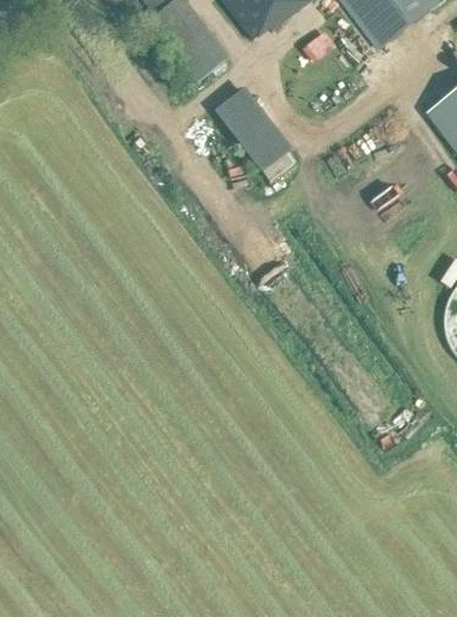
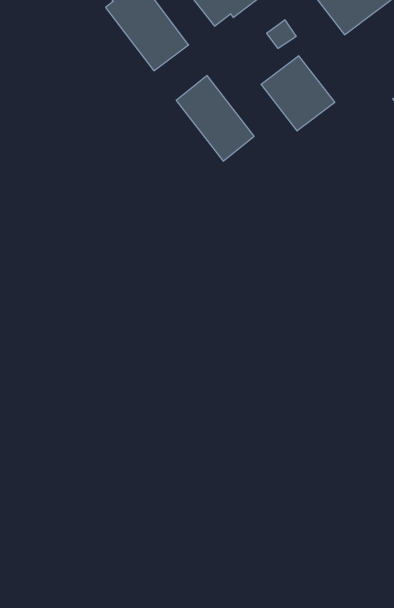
building: none -> [261,56,335,131]

